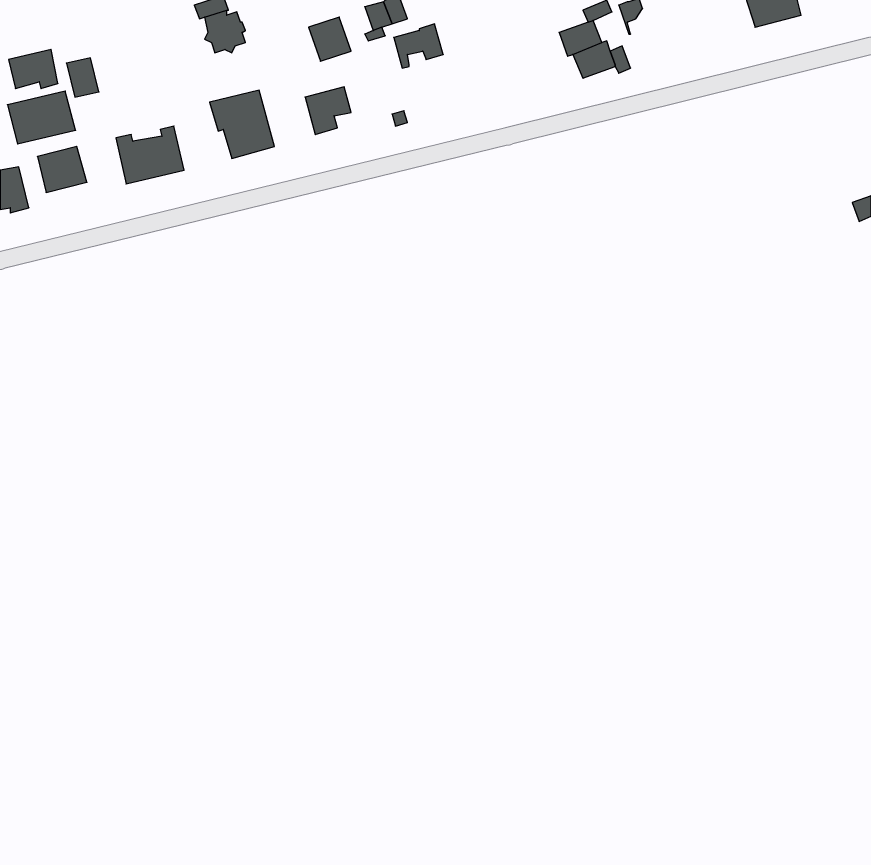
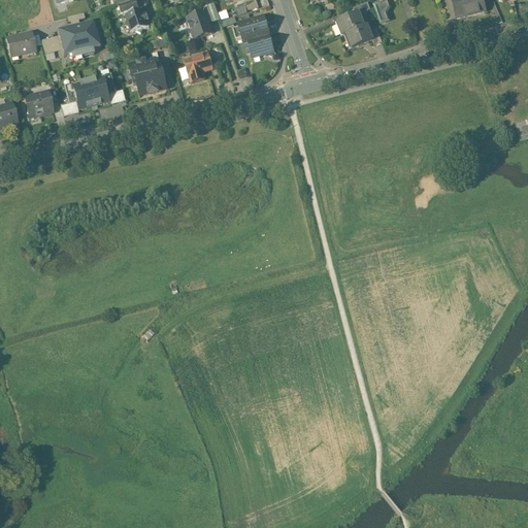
building: none -> [246,31,273,56]
building: [7,91,76,144] -> [58,22,99,54]

